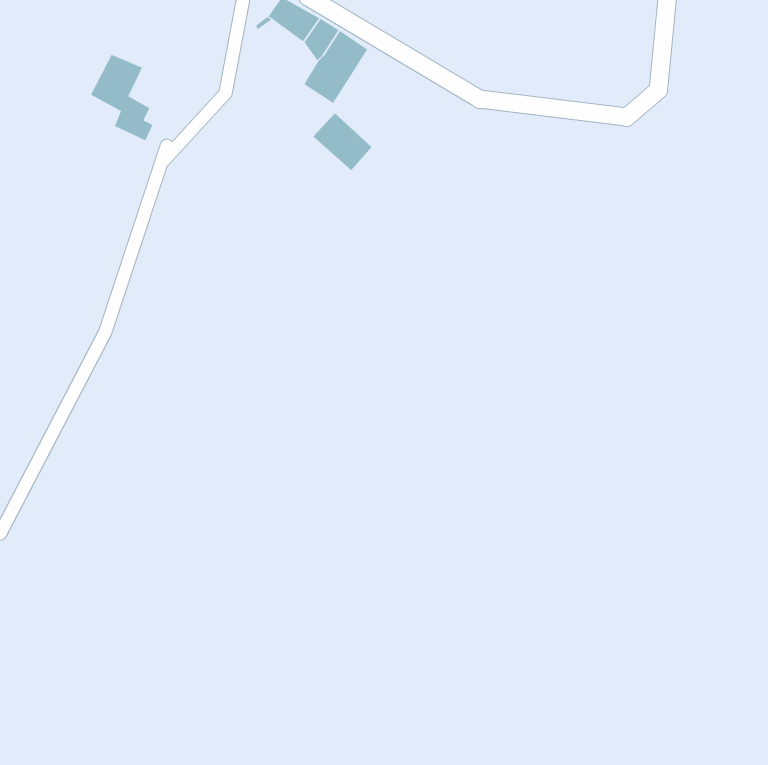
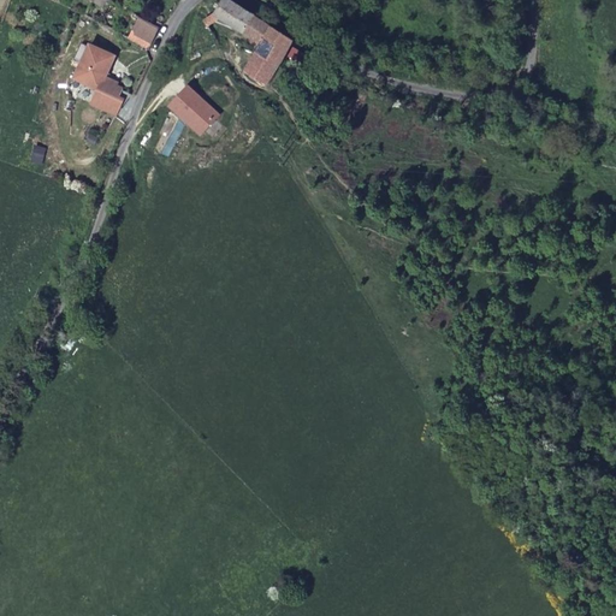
building: none -> [128,16,159,49]
building: [312,113,372,171] -> [170,87,218,134]

